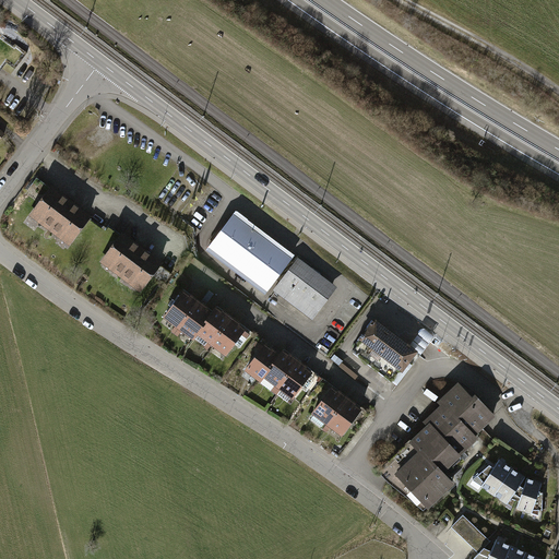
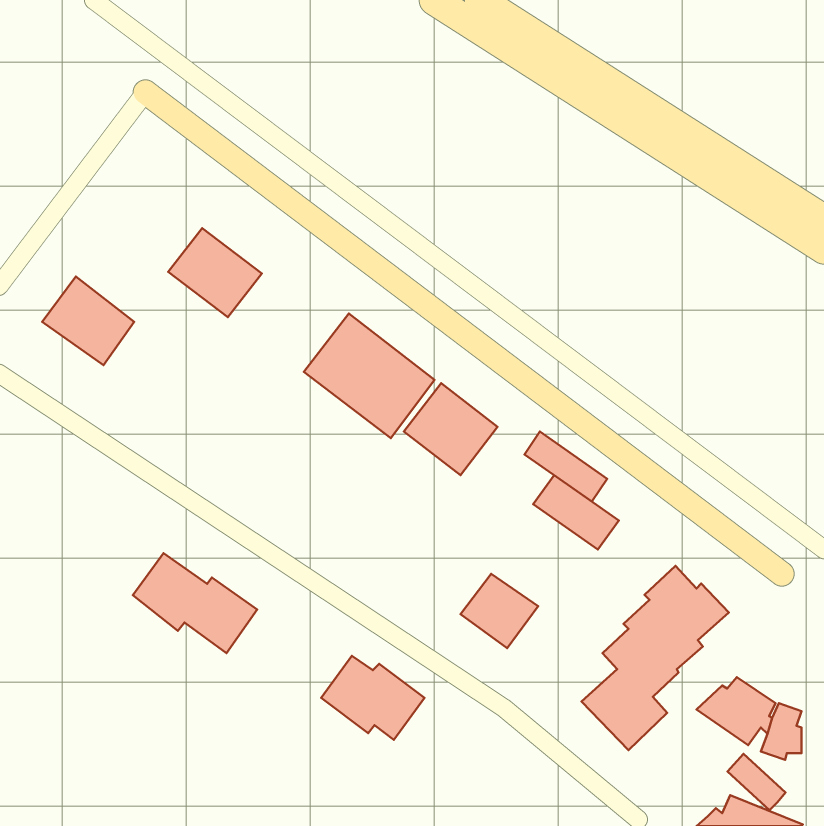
building: [99,234,163,294] -> [168,228,262,317]
building: [163,290,247,358] -> [133,553,257,653]
building: none -> [524,432,607,502]
building: [245,344,314,401] -> [321,656,425,740]
building: [450,513,489,551] -> [727,754,786,810]

